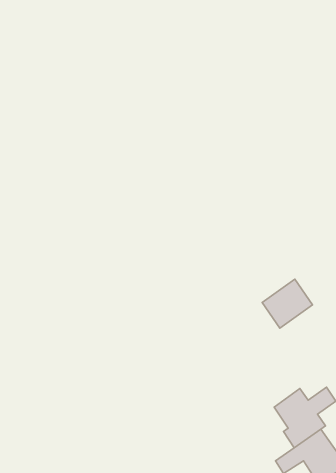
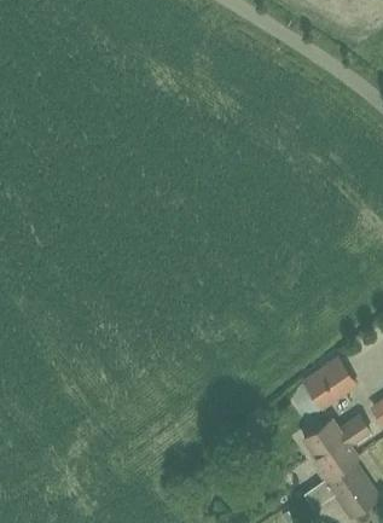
building: [262,279,312,328] -> [302,360,354,411]

